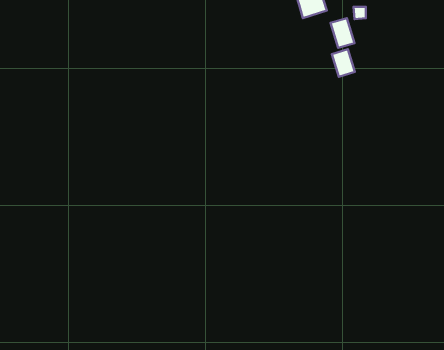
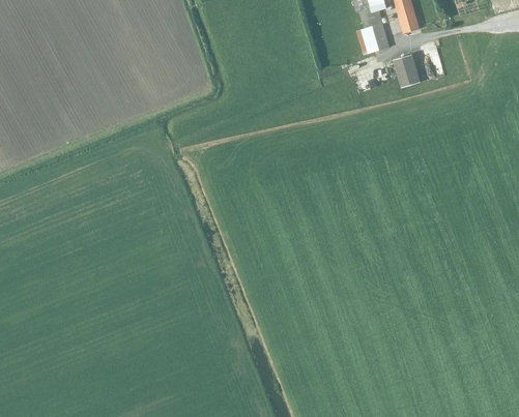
building: [332,49,355,77] -> none

